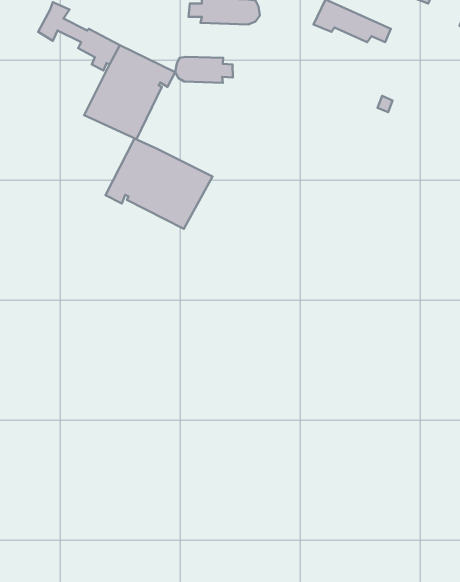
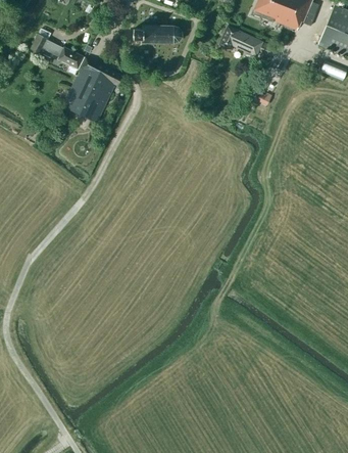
building: [175,57,233,83] -> none
building: [105,138,213,229] -> none

